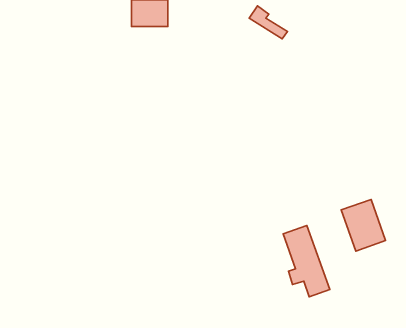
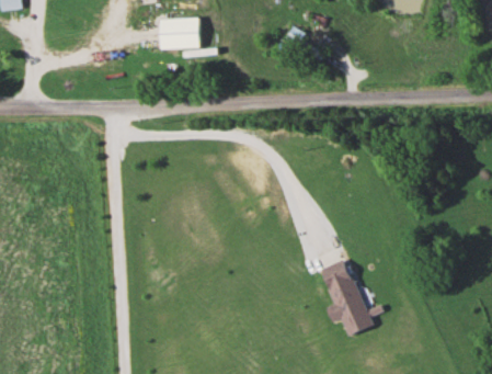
building: [341,199,386,251] -> none

